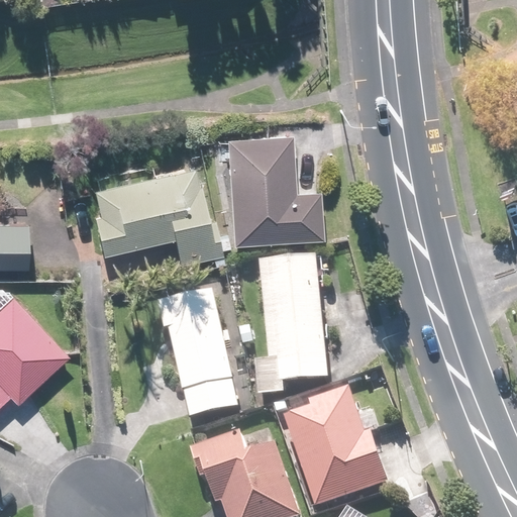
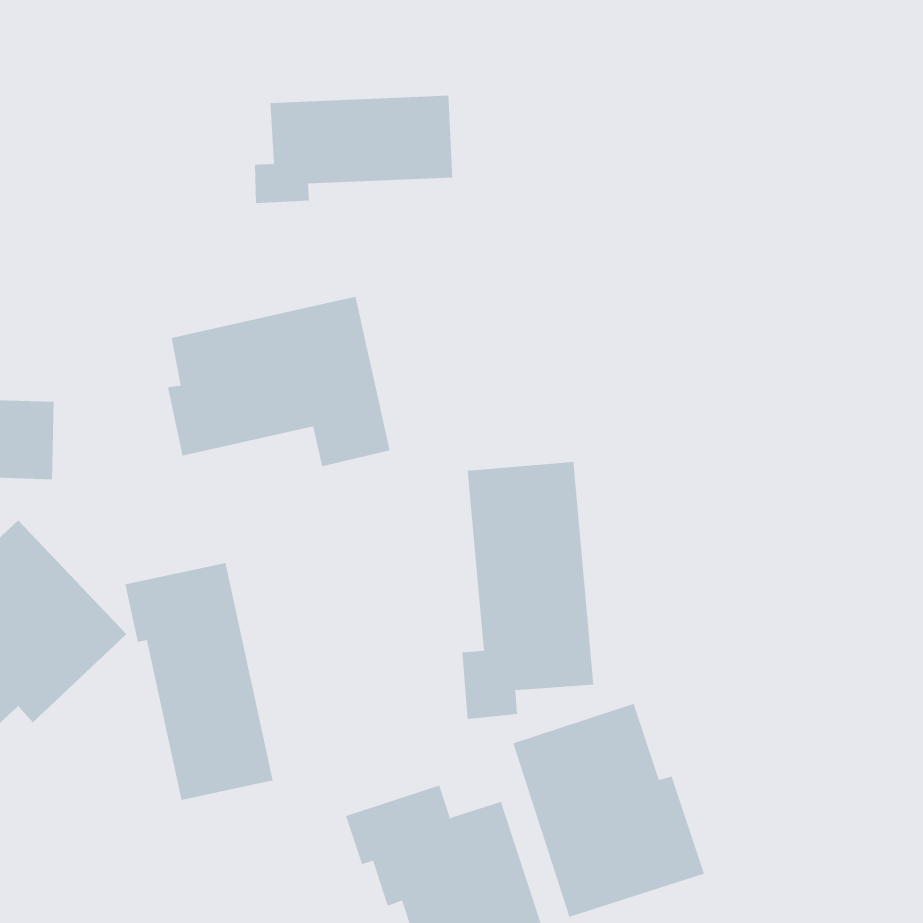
building: none -> [255,95,453,204]
building: [215,133,323,245] -> none
building: [159,292,241,424] -> [124,562,273,800]

